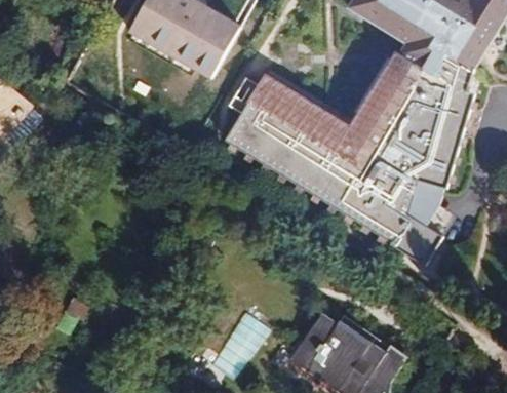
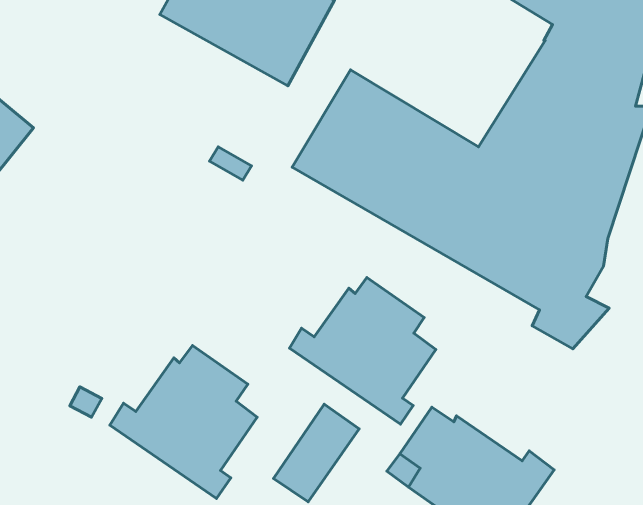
building: none -> [290,278,436,424]
building: none -> [110,346,257,498]

